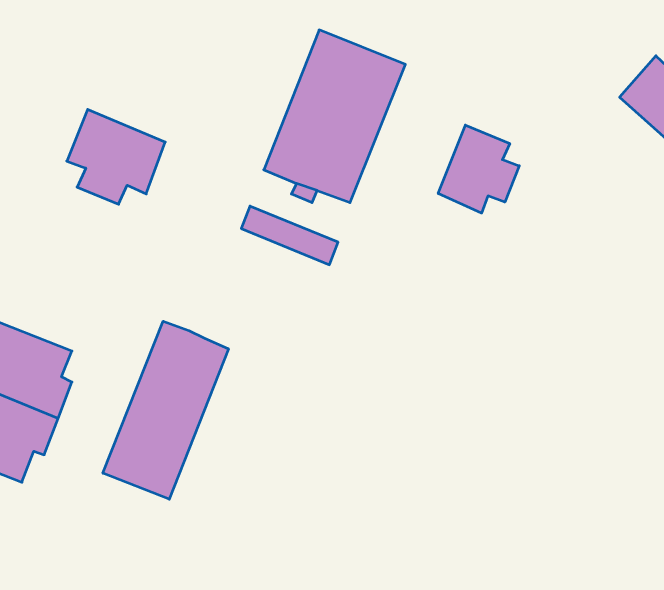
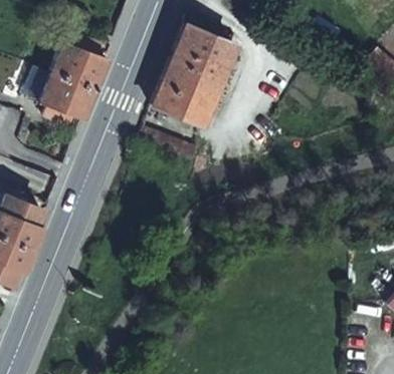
building: none -> [52,34,111,89]
building: [438,125,519,213] -> none
building: [103,321,228,499] -> none

